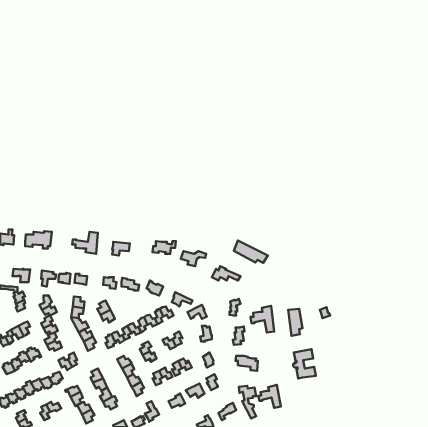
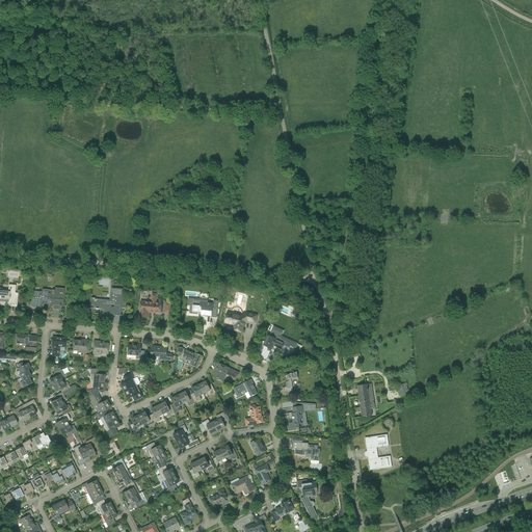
building: [234,241,268,263] -> none
building: [250,306,274,332] -> none
building: [258,385,281,408] -> none

